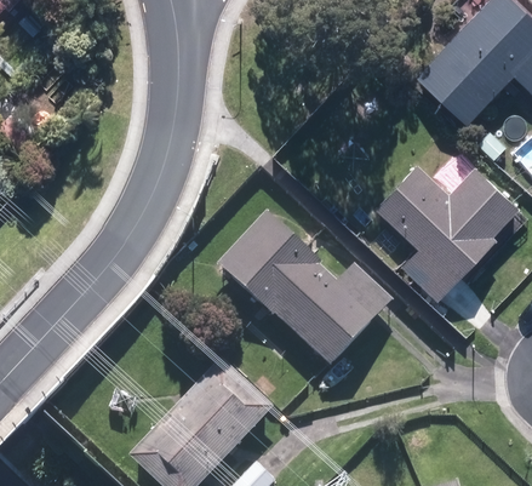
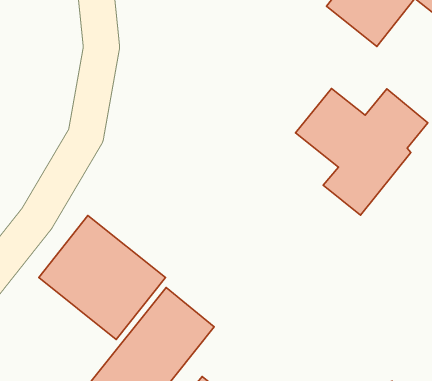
building: [217,215,389,367] -> none
building: none -> [39,215,165,340]

